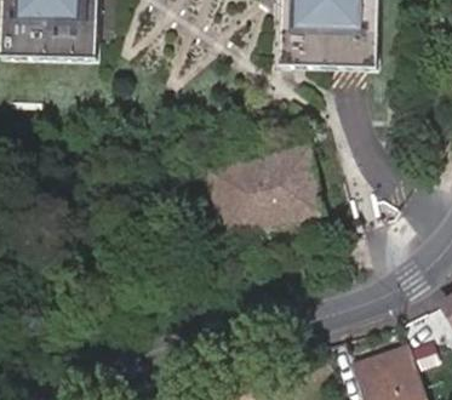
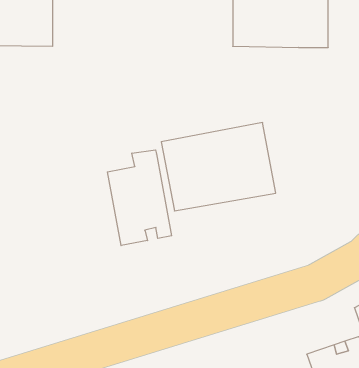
building: none -> [107,150,172,246]

